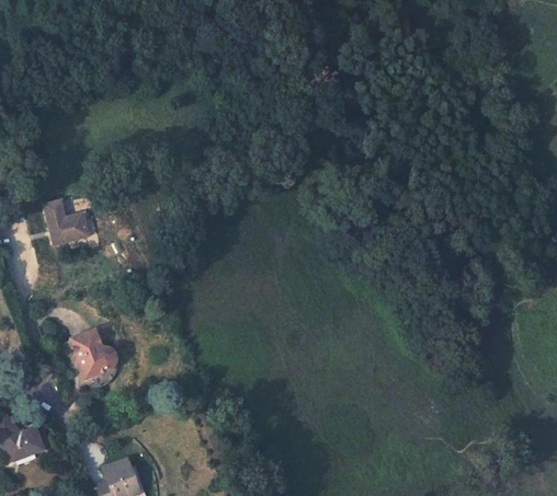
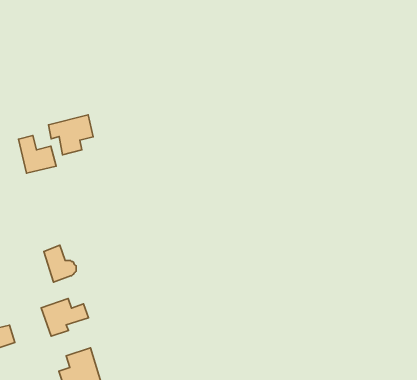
building: none -> [48,115,93,155]
building: none -> [41,299,88,336]

